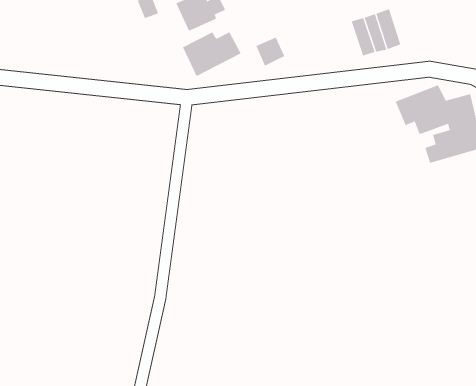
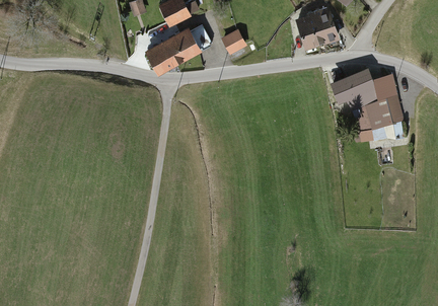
building: none -> [147,40,175,71]

